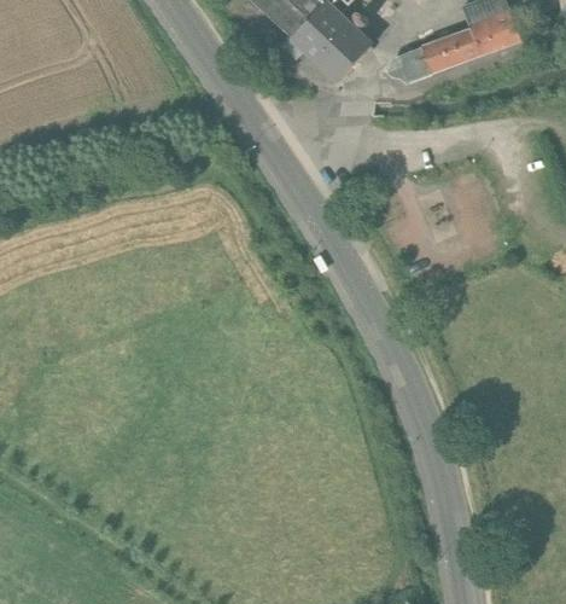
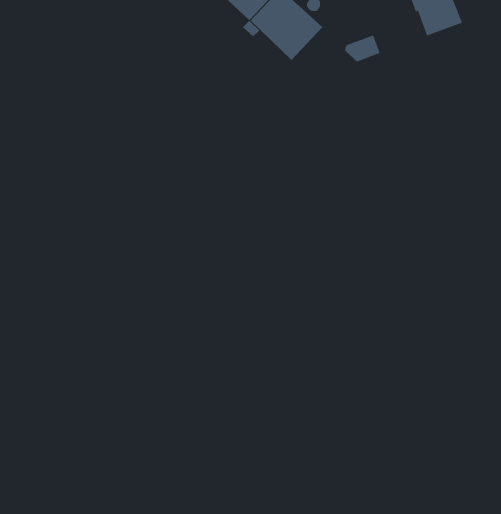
building: [421,25,482,70] -> none

